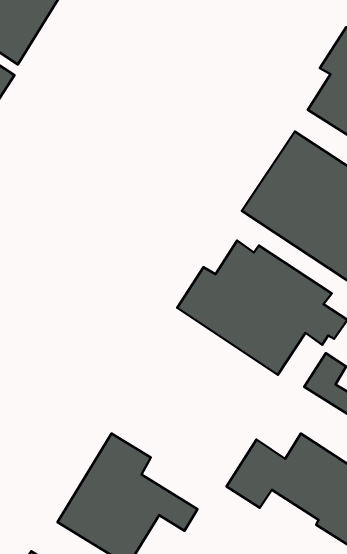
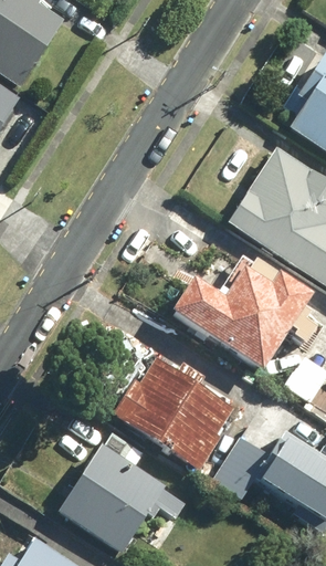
building: none -> [112,359,235,468]

